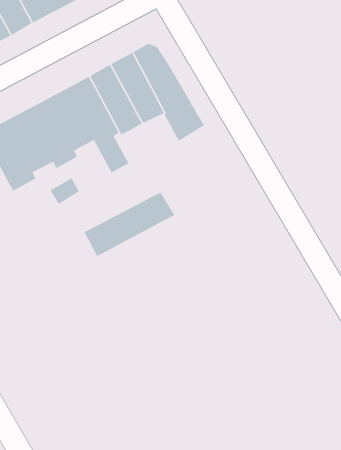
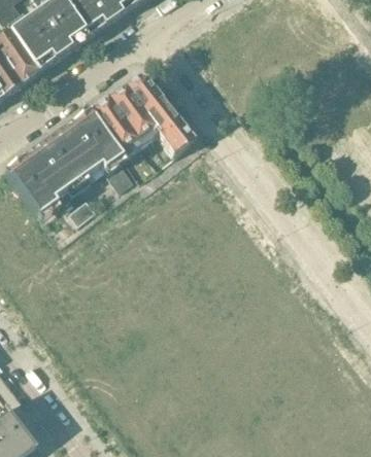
building: [84,192,175,257] -> none

